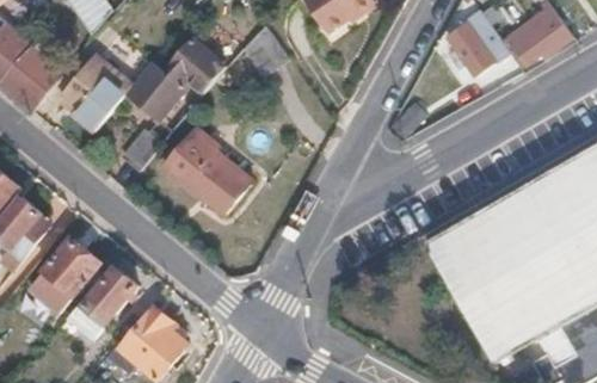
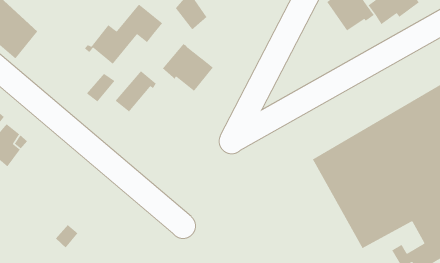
building: [63,54,134,130] -> none
building: [183,148,252,212] -> [162,43,214,92]
building: [30,239,99,310] -> none
building: [84,271,133,323] -> none
building: [123,305,183,372] -> none

